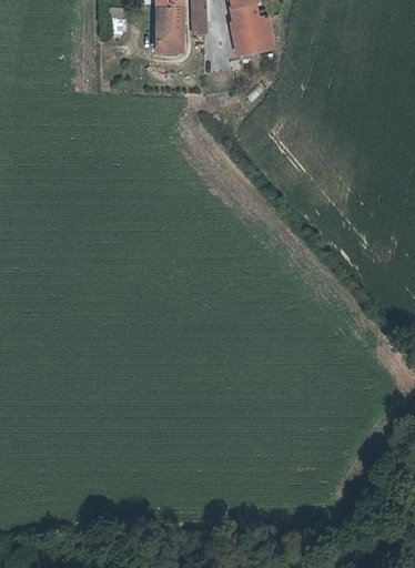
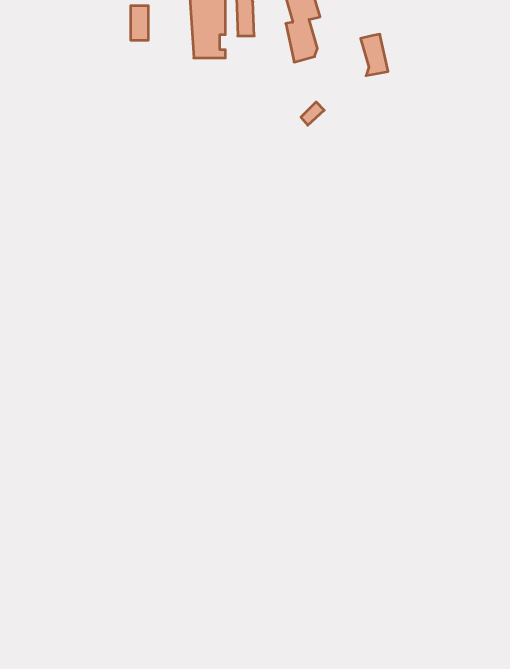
building: [251,14,273,48] -> [361,34,388,76]

